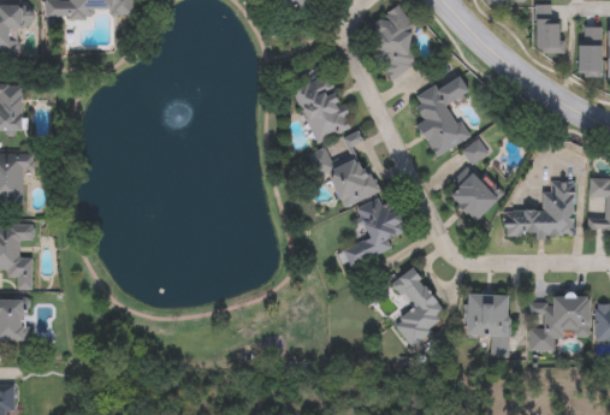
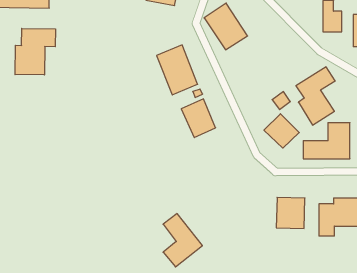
building: none -> [15,28,55,75]
building: [413,71,470,156] -> [296,67,335,125]
building: [339,195,407,267] -> none
building: [392,267,450,345] -> [163,214,202,267]

